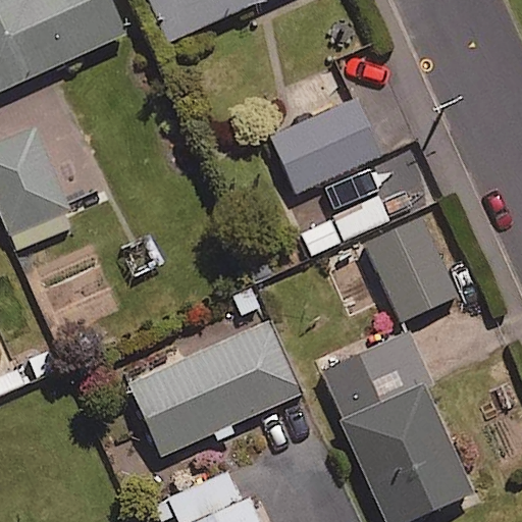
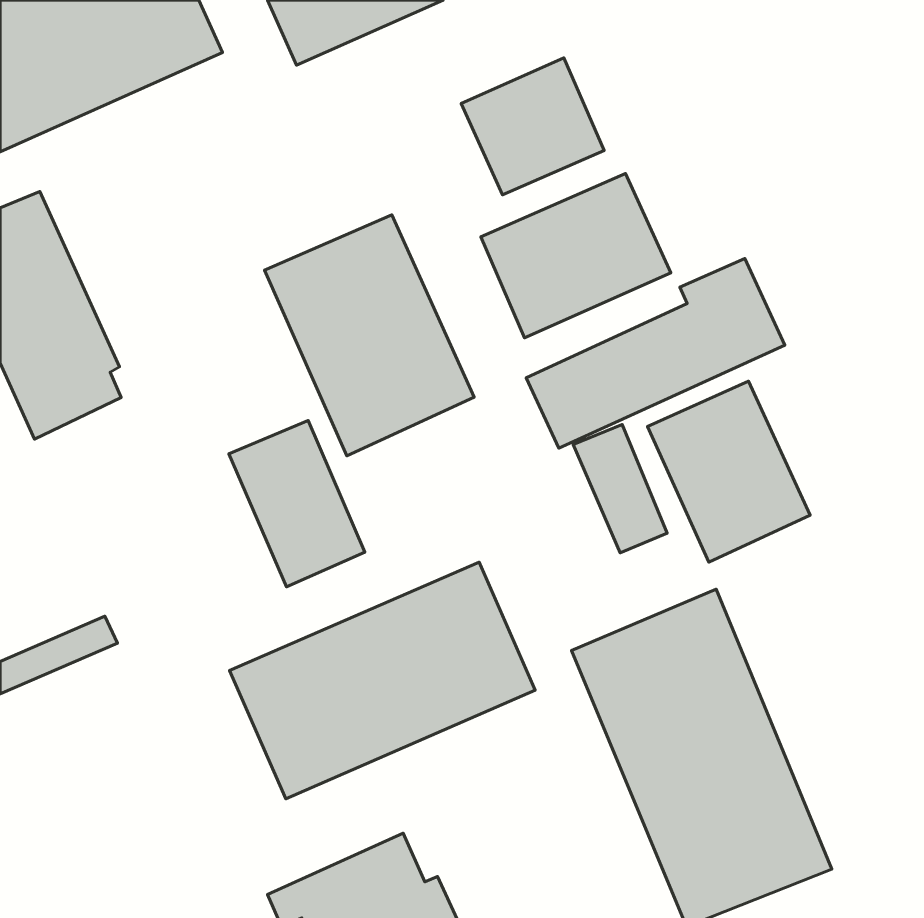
building: none -> [461,58,604,195]
building: none -> [264,215,474,456]
building: none -> [229,421,365,587]

